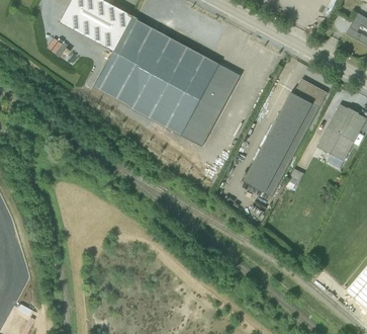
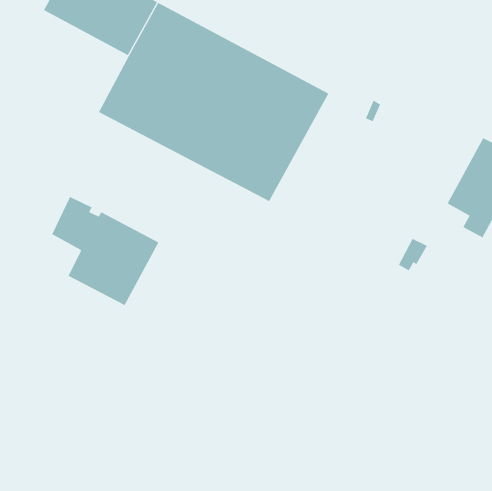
building: [244,78,329,195] -> none
building: none -> [52,196,159,306]

